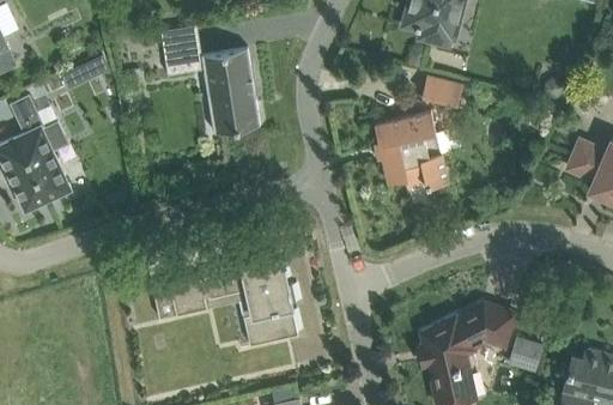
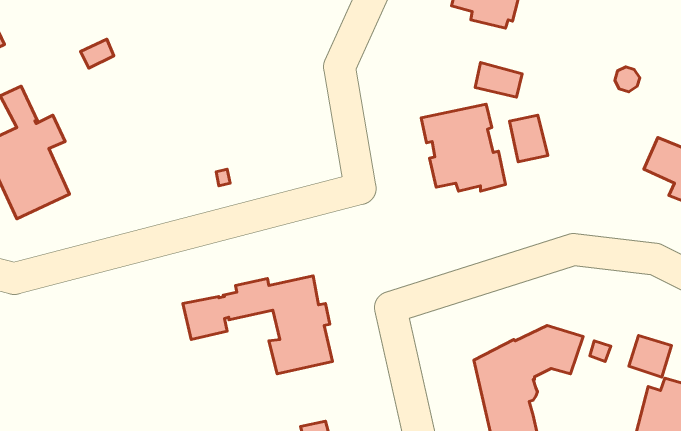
building: [160,26,196,61] -> none
building: [201,48,260,133] -> none
building: none -> [509,115,548,162]
building: [506,337,544,373] -> [629,336,672,377]

